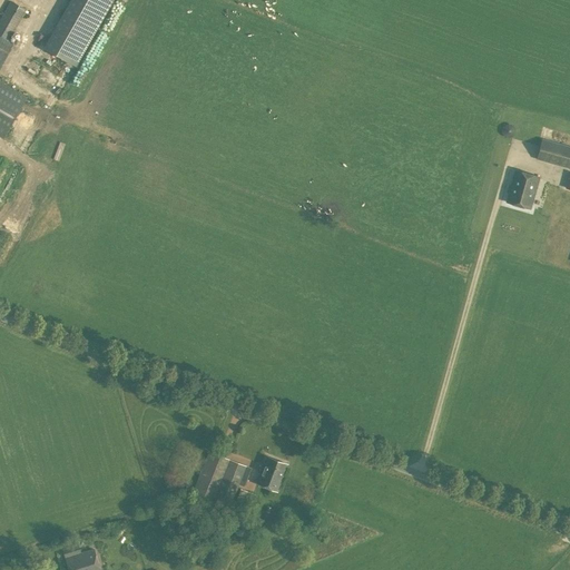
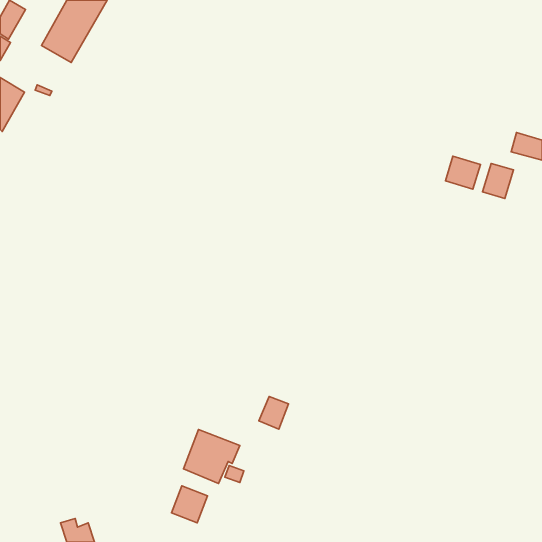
building: none -> [446,156,480,189]
building: [256,456,287,491] -> [259,396,288,429]
building: none -> [172,486,208,523]

